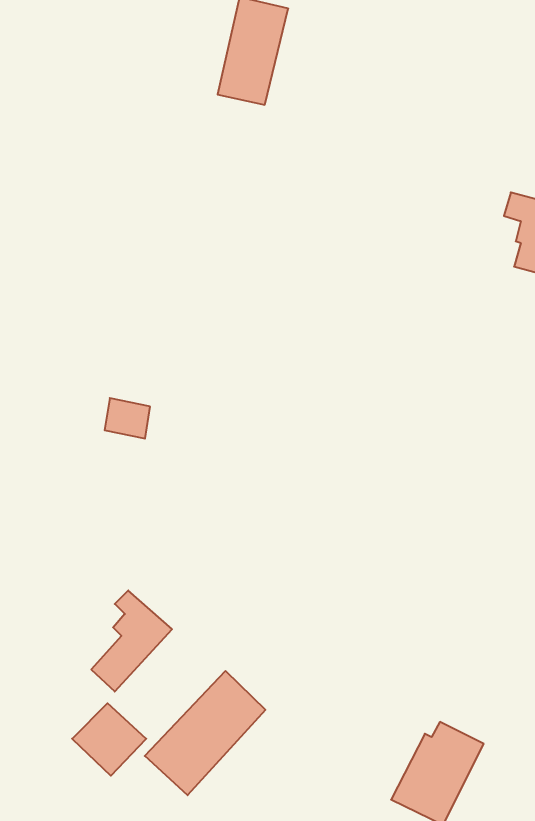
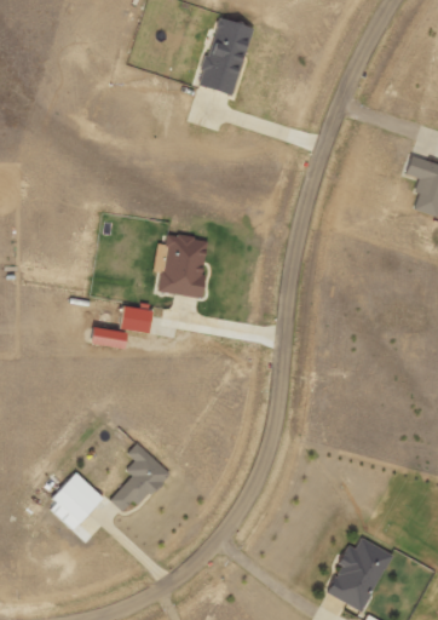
building: none -> [152,234,209,298]
building: [145,671,265,795] -> none
building: [72,703,146,776] -> [51,472,104,524]

